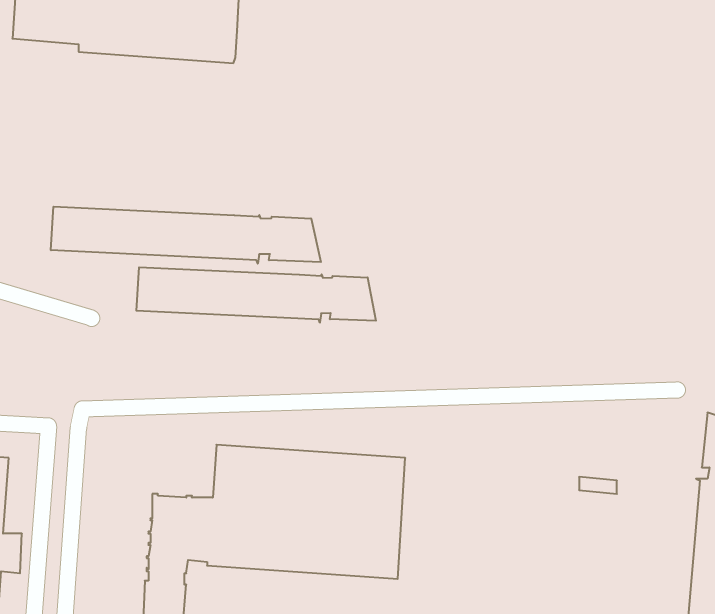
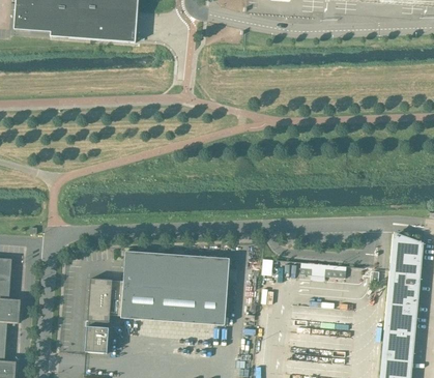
building: [51,207,321,264] -> none
building: [136,267,376,323] -> none

